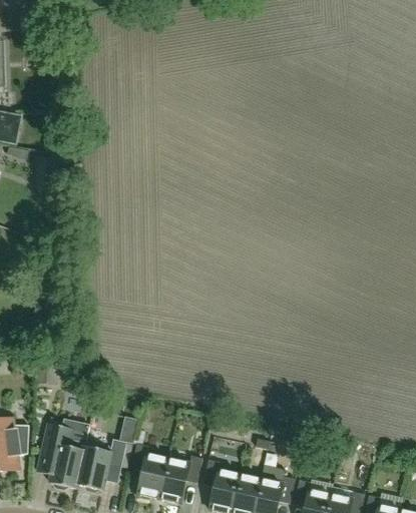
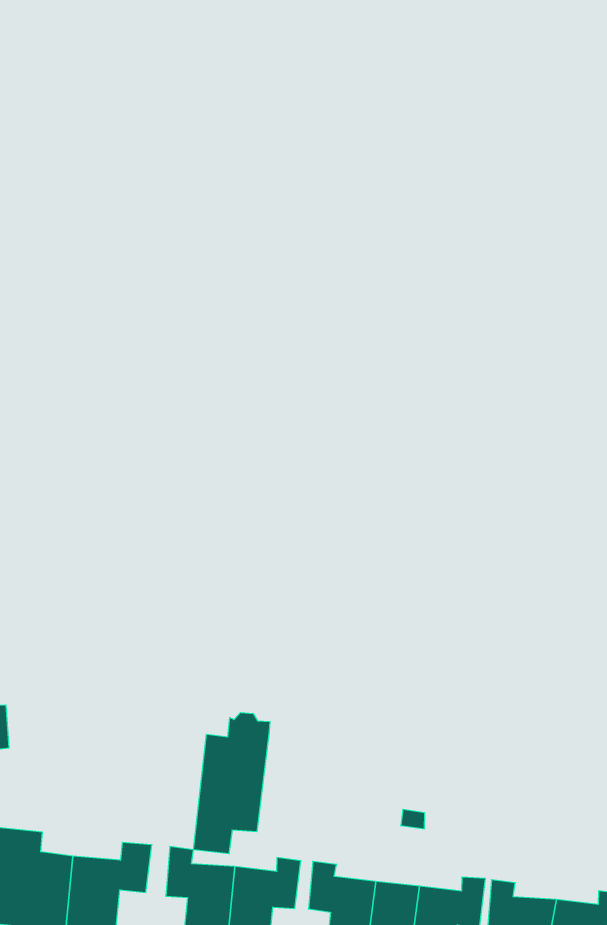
building: none -> [194,713,270,854]

